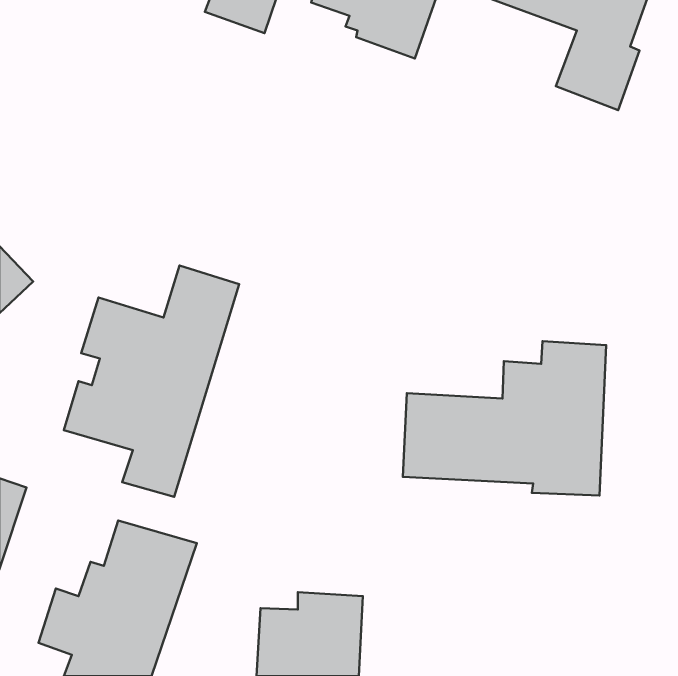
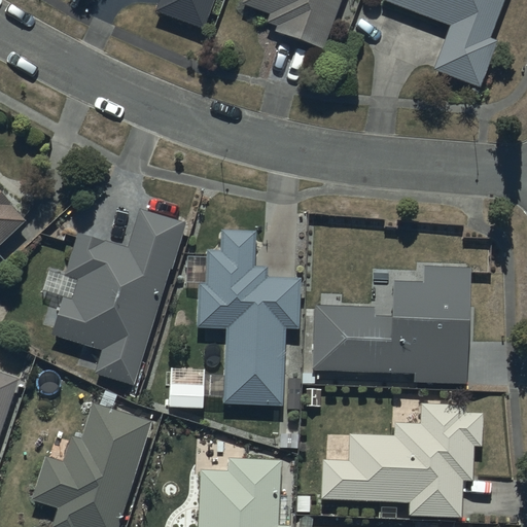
building: none -> [200,227,302,408]
building: none -> [321,405,482,518]

